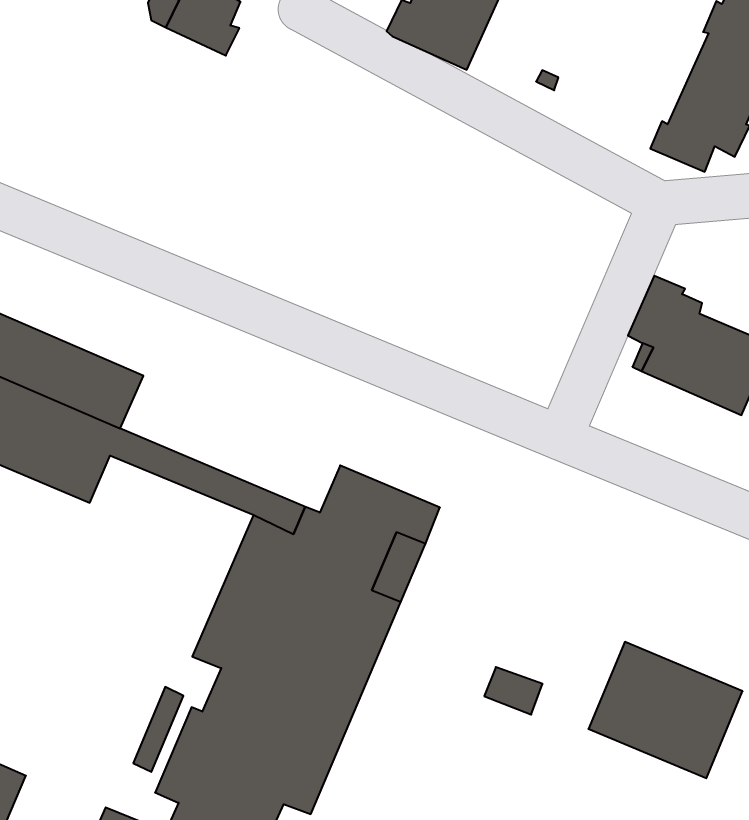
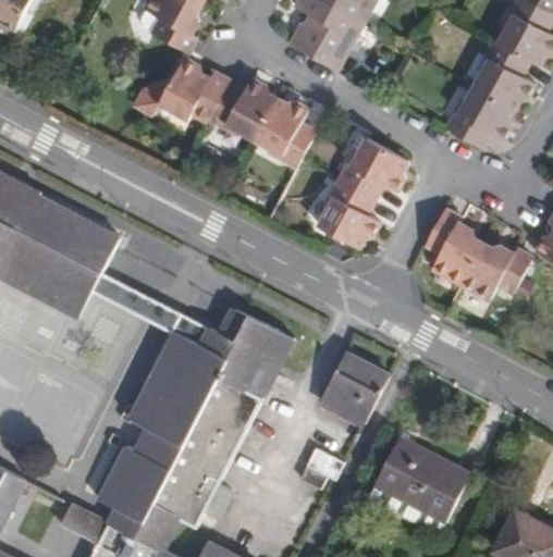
building: none -> [130,59,311,171]
building: none -> [315,136,406,248]
building: none -> [319,351,390,425]

